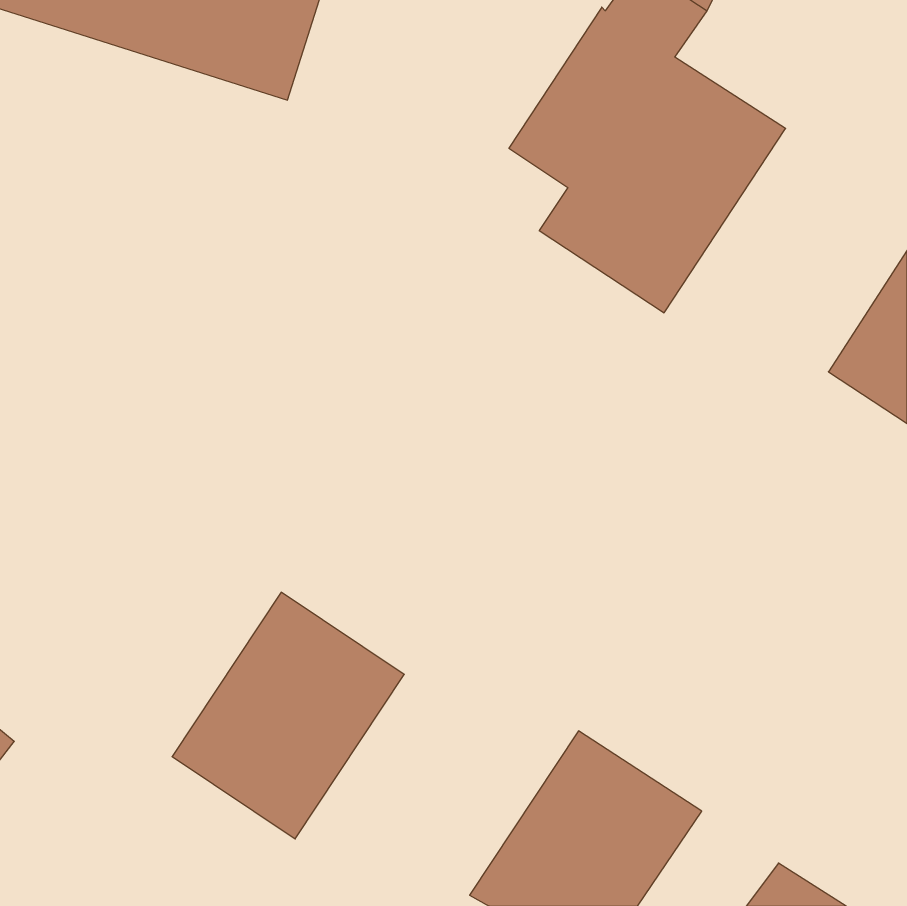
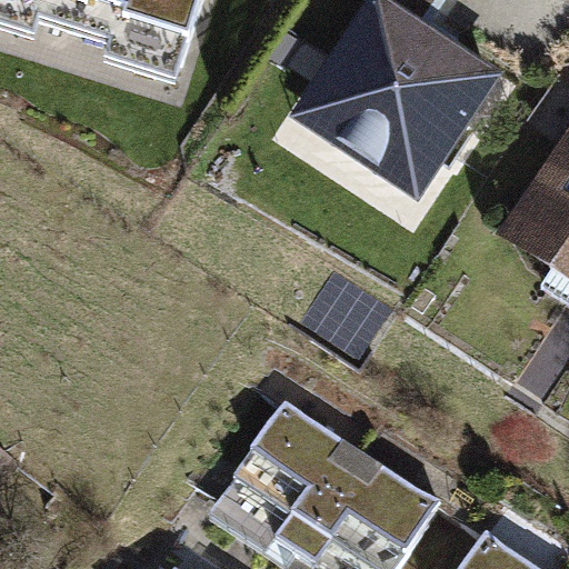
building: [172,592,404,839] -> [216,403,360,557]

